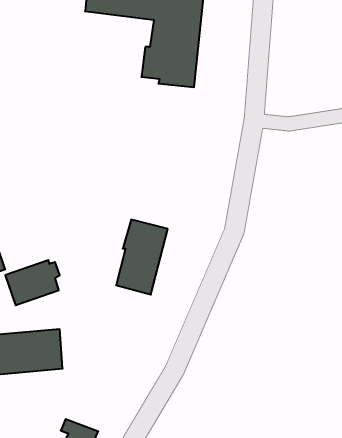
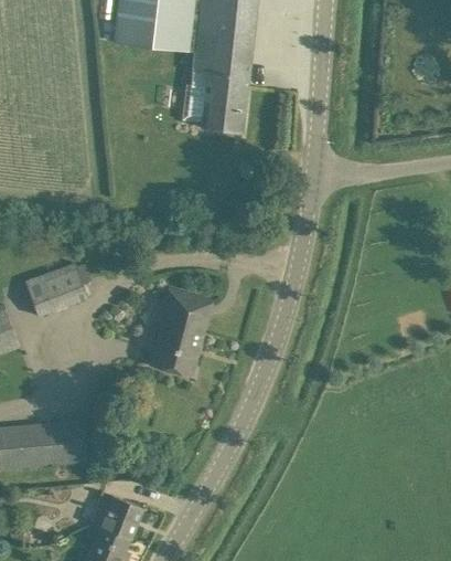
building: [5,260,60,305] -> [26,261,90,314]
building: none -> [92,491,142,537]

